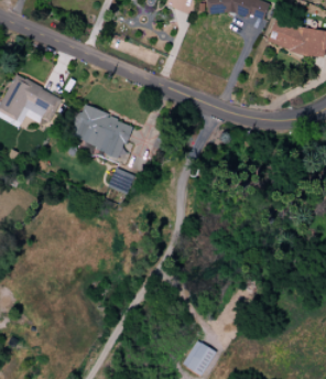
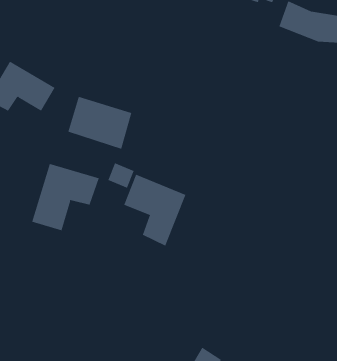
building: none -> [32,163,100,231]
building: none -> [123,174,186,246]

